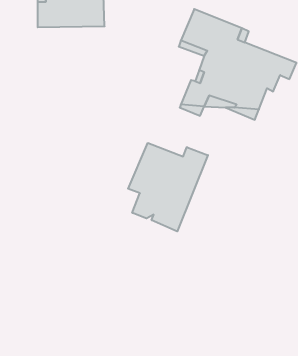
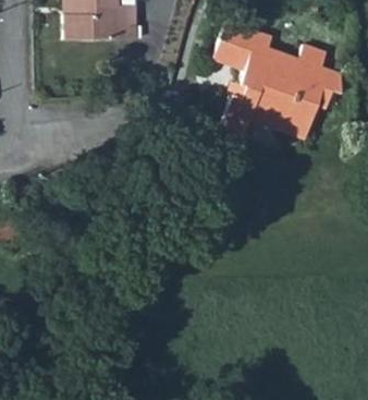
building: [128,143,208,231] -> none

